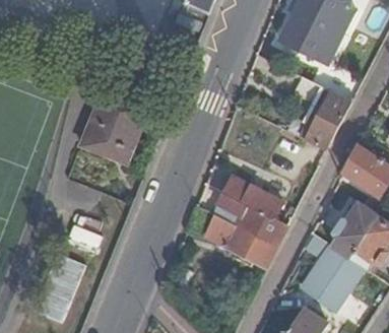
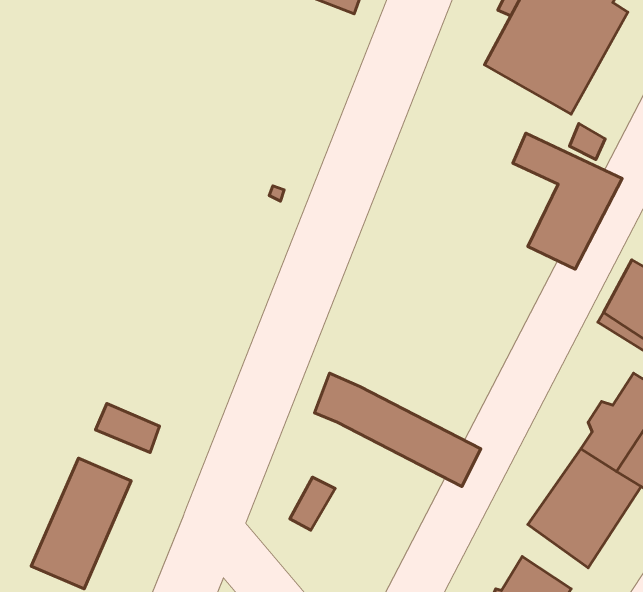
building: [81,90,140,163] -> none
building: [211,176,286,247] -> none

